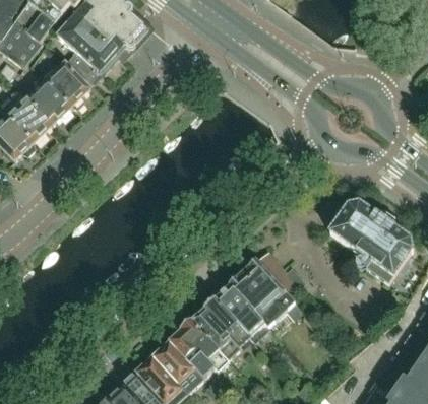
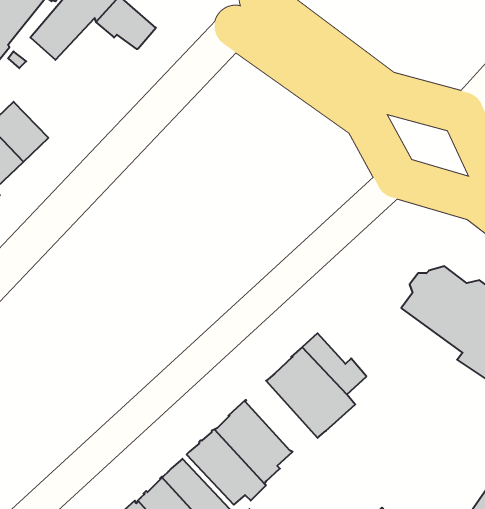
building: [75,20,134,74] -> none
building: [45,63,89,109] -> none
building: [213,284,269,343] -> none

